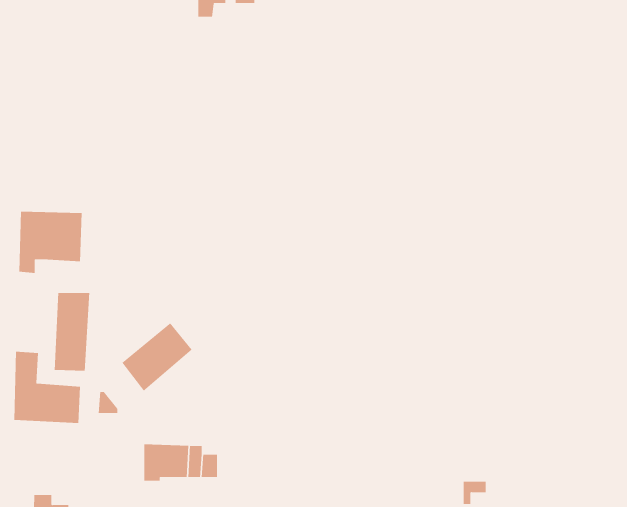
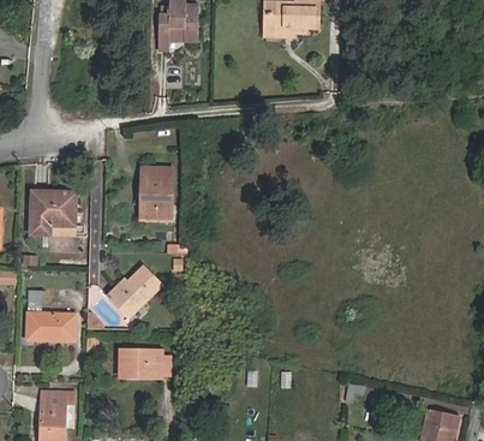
building: none -> [144,166,172,219]
building: [54,292,90,371] -> none

